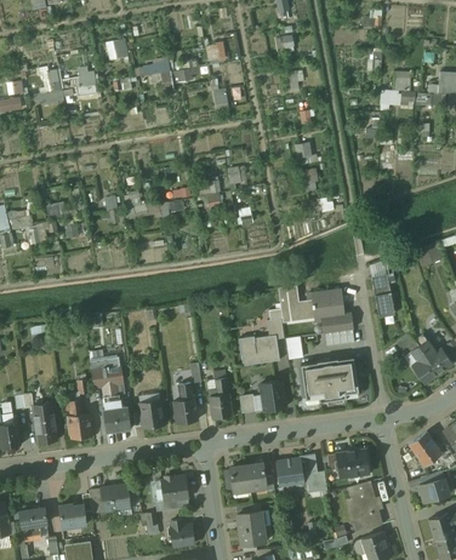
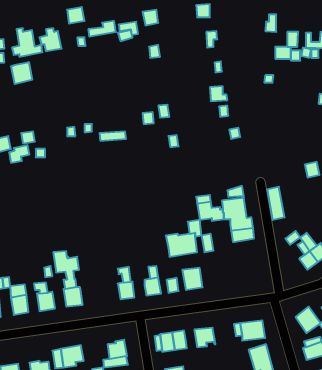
building: none -> [11,62,32,84]
building: [304,359,359,402] -> none
building: [138,400,163,427] -> none
building: [300,455,326,491] -> none

